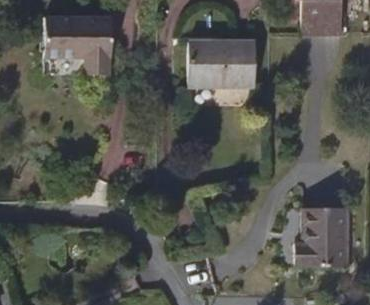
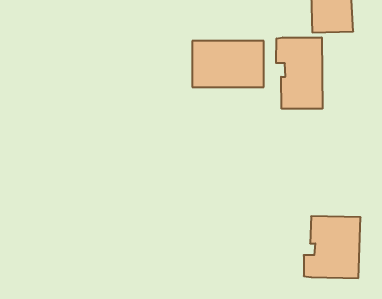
building: [43,14,112,73] -> none
building: none -> [276,37,322,109]

